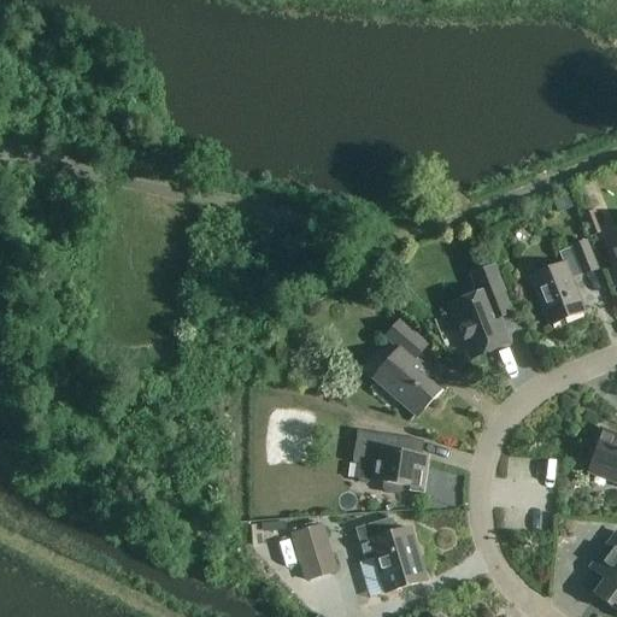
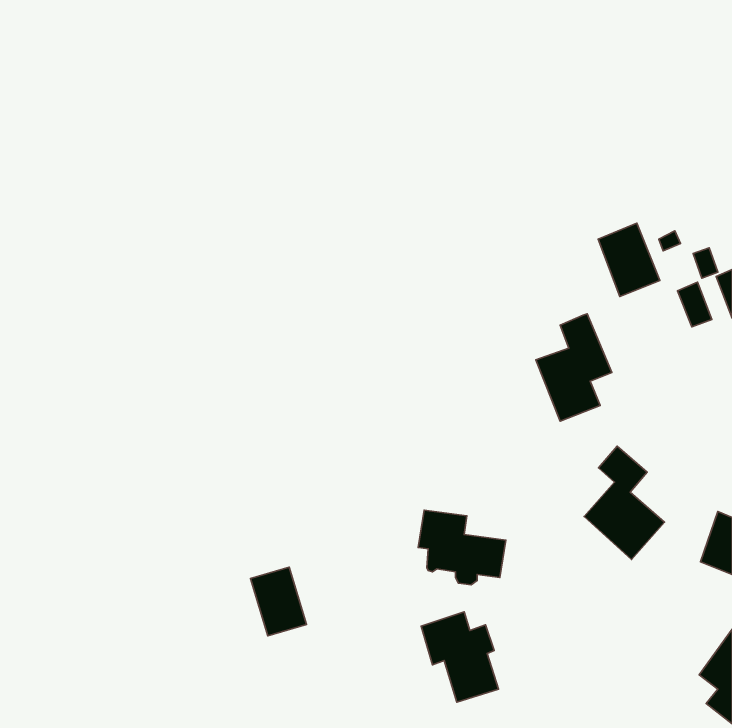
building: [530,262,582,323] -> [598,223,660,296]
building: [372,319,440,415] -> [584,446,664,559]
building: [292,523,339,581] -> [251,567,306,636]

